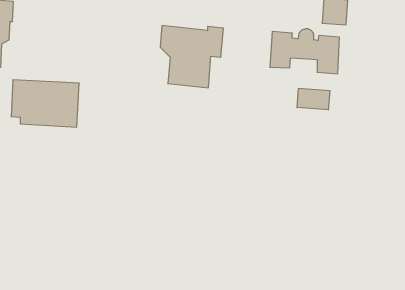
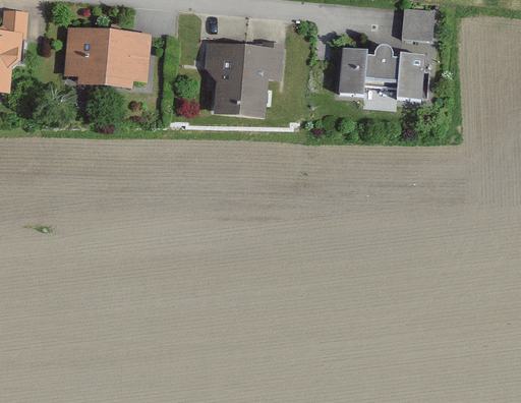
building: [11,80,79,127] -> [65,28,149,87]
building: [297,88,330,110] -> none

